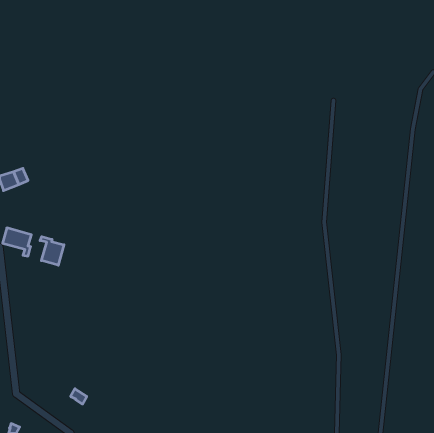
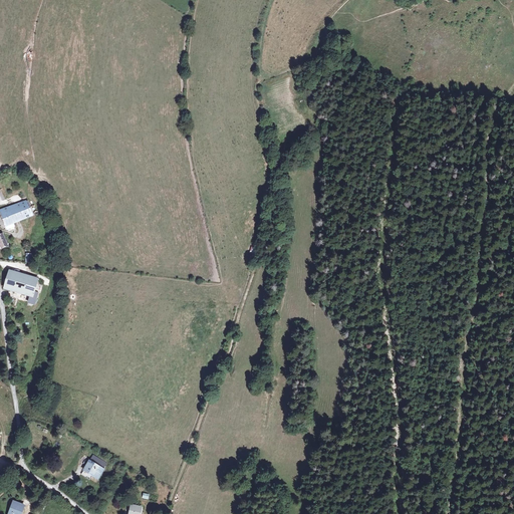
building: [40,237,64,265] -> none

